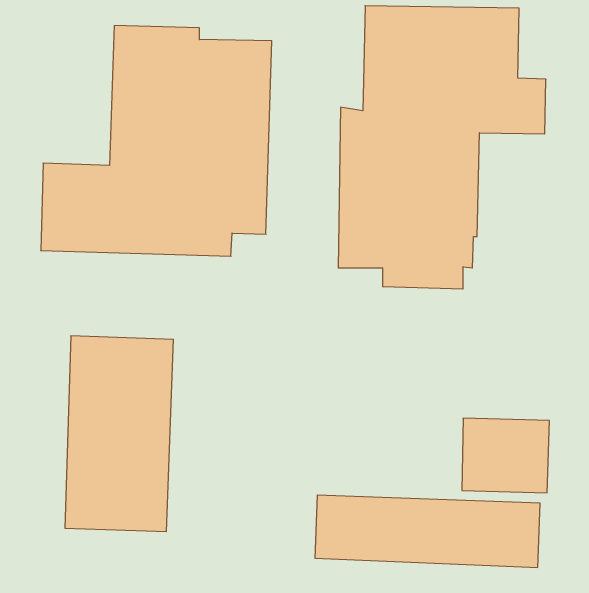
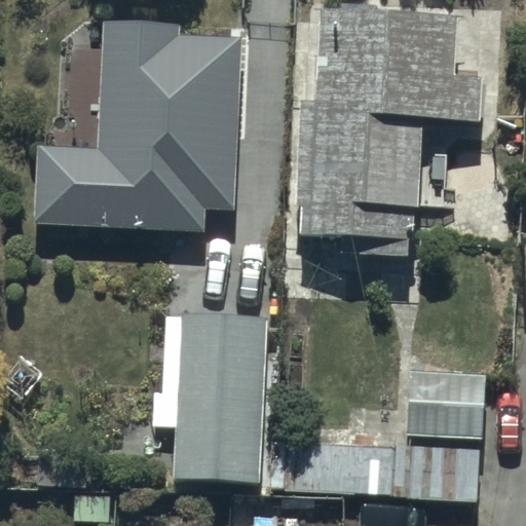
building: [65,336,173,532] -> [170,310,265,483]

